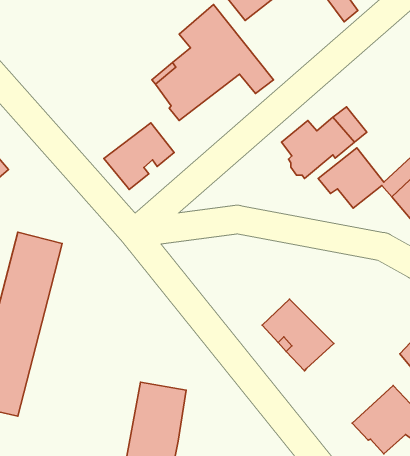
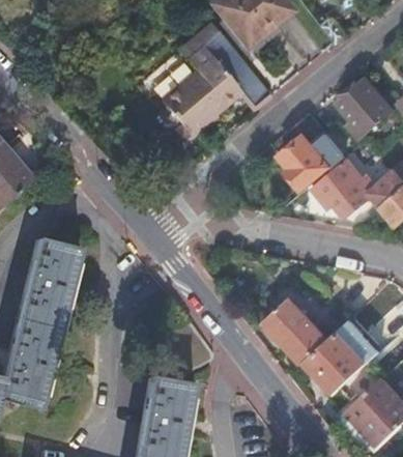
building: none -> [337,80,393,138]
building: [104,123,174,189] -> none
building: none -> [304,320,367,394]

